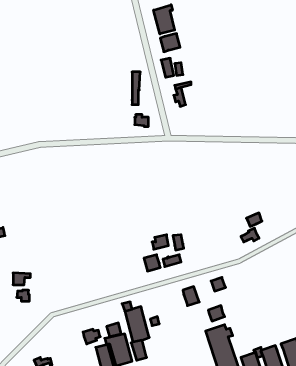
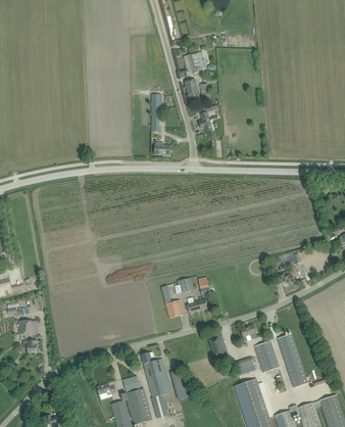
building: [154,5,175,34] -> none
building: none -> [277,333,307,387]
building: none -> [253,340,279,373]

